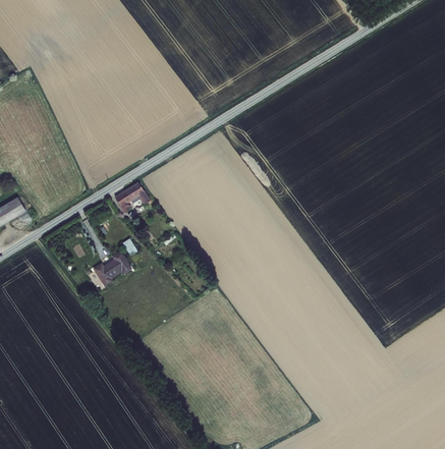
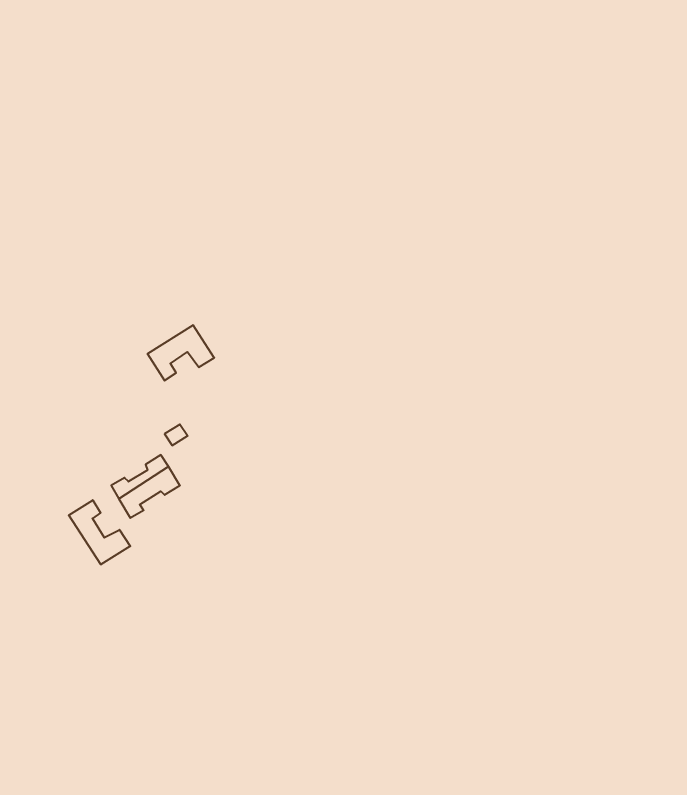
building: none -> [69,500,130,565]

